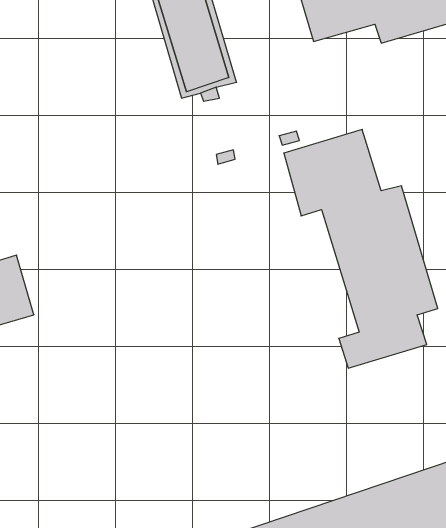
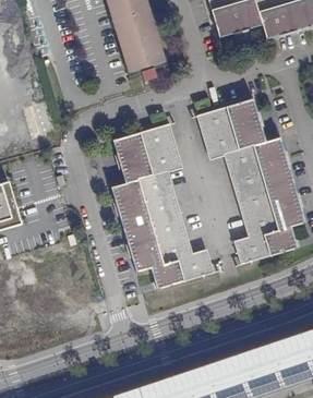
building: none -> [111,123,212,288]

